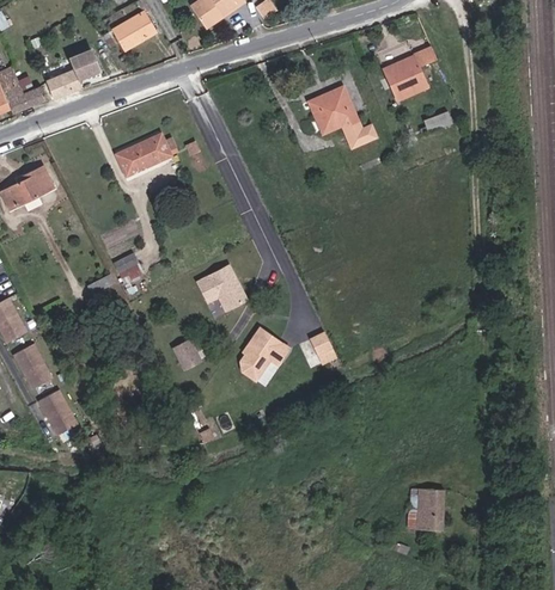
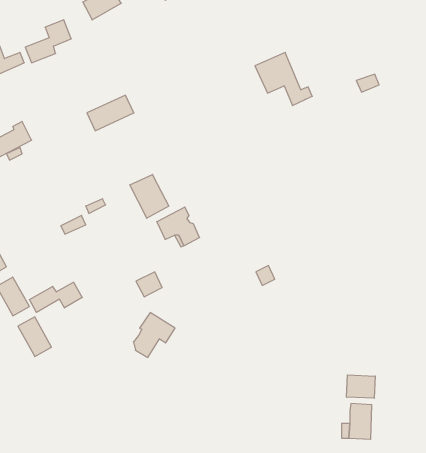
building: [384,50,431,99] -> none
building: none -> [130,174,169,218]
building: [240,328,288,380] -> [133,313,175,357]
building: none -> [29,282,82,312]
building: none -> [347,375,375,398]

